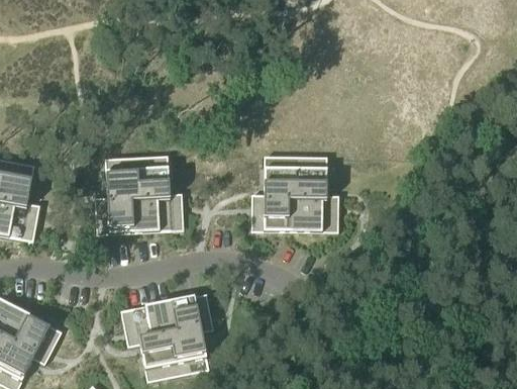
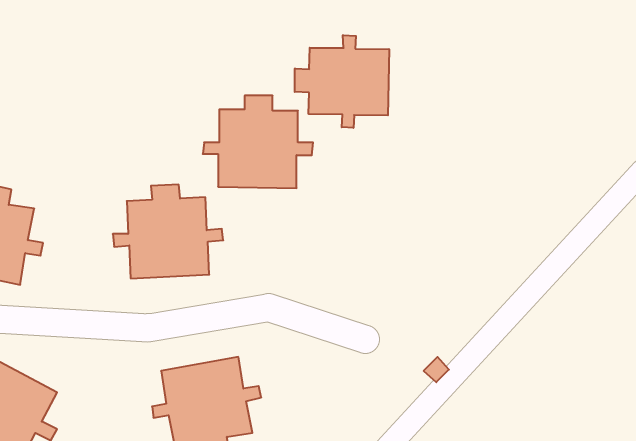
building: none -> [295,35,389,128]
building: [250,157,338,230] -> [203,96,313,188]

